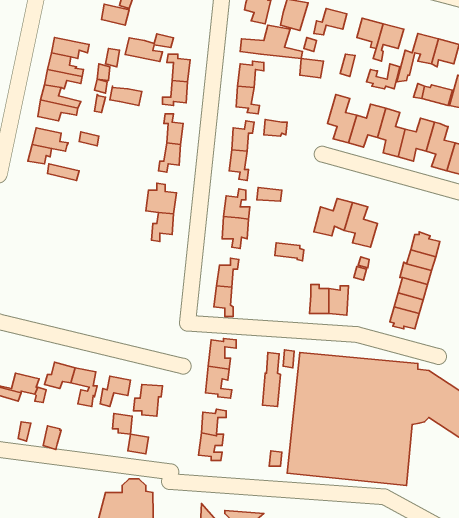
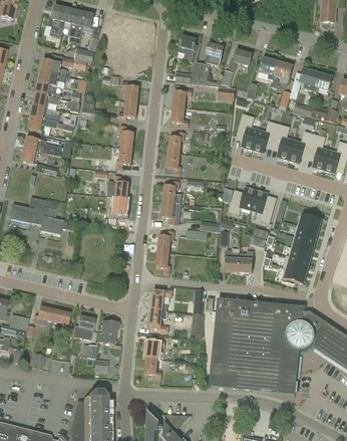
building: [125,34,174,61] -> [40,55,75,75]
building: none -> [9,196,74,235]

